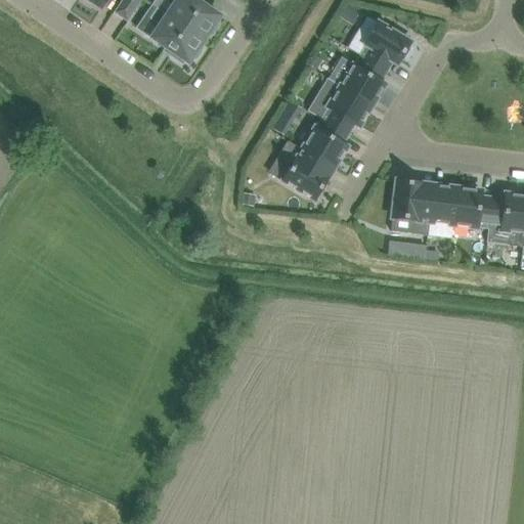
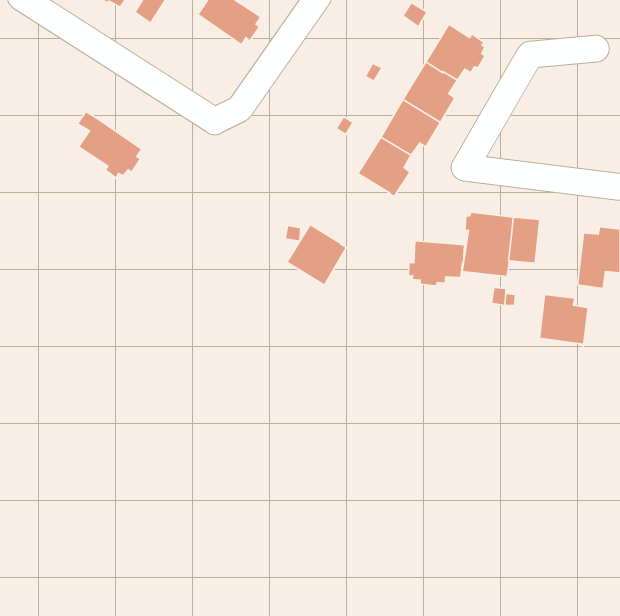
building: [149,6,204,62] -> [77,112,142,178]
building: [282,146,333,198] -> [287,224,346,285]
building: [451,185,492,241] -> [540,294,588,360]
building: none -> [409,241,465,286]

